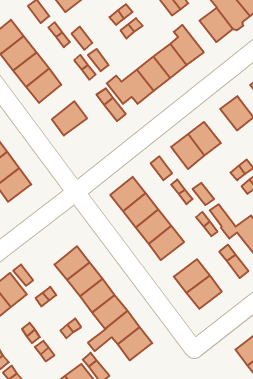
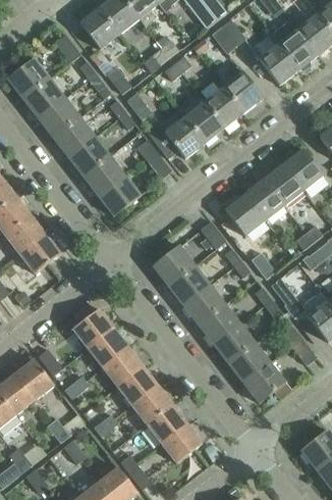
building: none -> [68,136,110,177]
building: none -> [264,164,303,205]
building: none -> [98,176,141,215]
building: none -> [72,308,113,349]
building: none -> [213,322,256,363]

